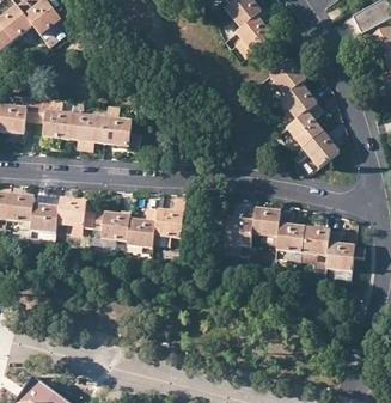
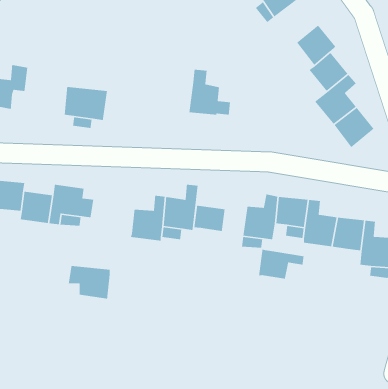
building: [35,96,71,138] -> none
building: [103,104,140,145] -> [188,69,231,116]
building: [92,210,129,240] -> [68,265,111,299]
building: none -> [193,205,226,232]
building: none -> [258,249,305,280]

